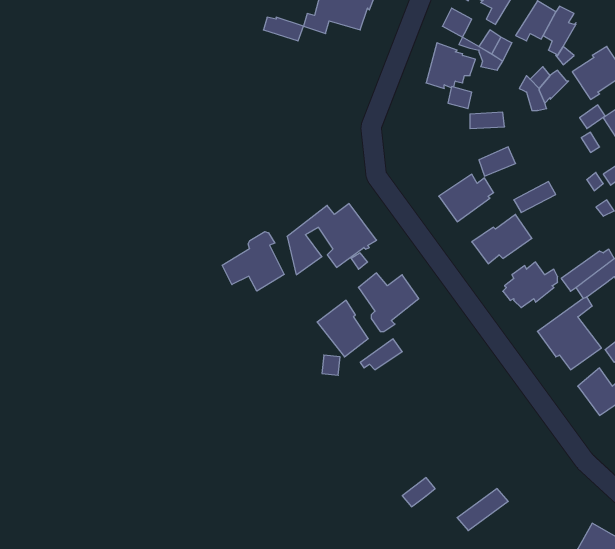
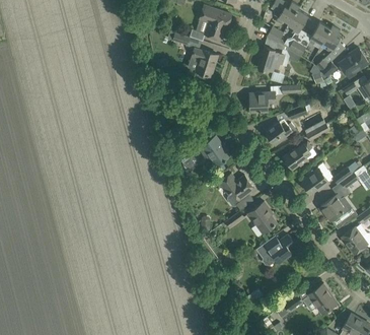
building: none -> [193,48,218,76]
building: none -> [250,91,276,111]
building: [222,232,284,291] -> none
building: [317,300,368,357] -> [248,201,277,232]
building: none -> [256,234,294,264]
building: none -> [309,283,338,313]

